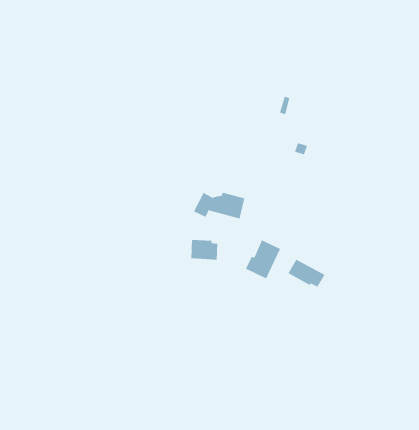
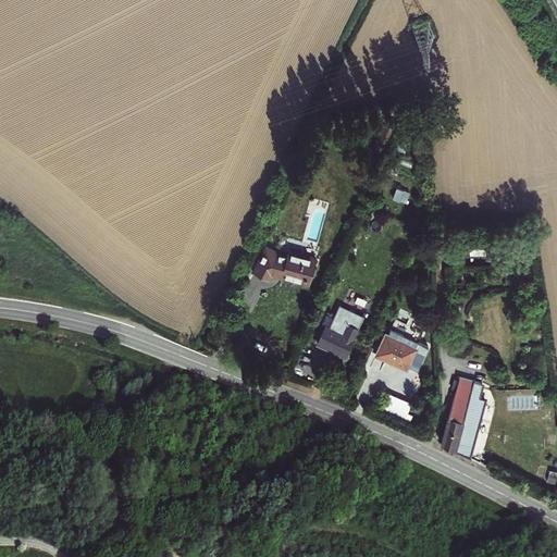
building: [191,239,218,260] -> none
building: none -> [447,379,486,458]

